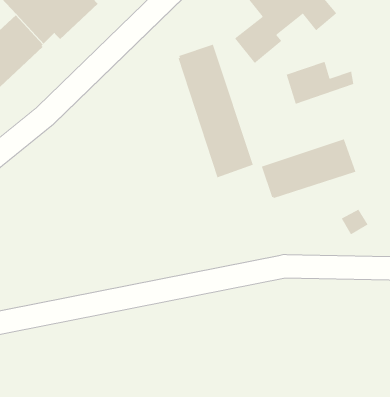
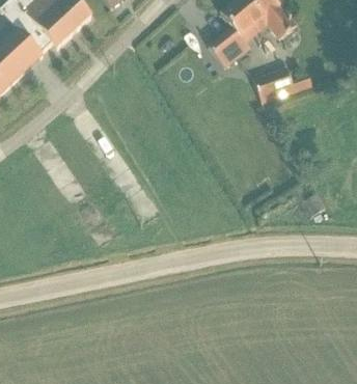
building: [178,44,253,178] -> none
building: [261,138,356,199] -> none

